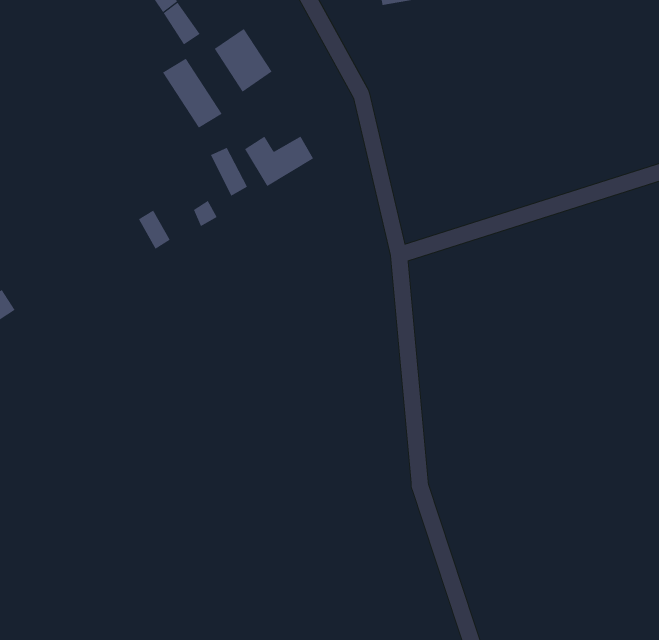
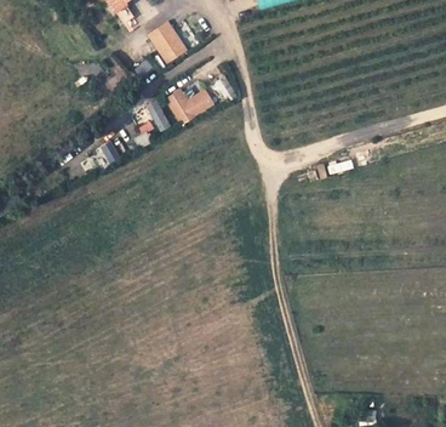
building: [162,58,223,128] -> none

